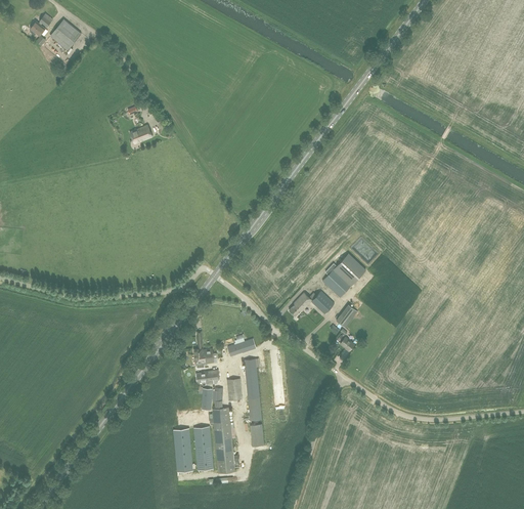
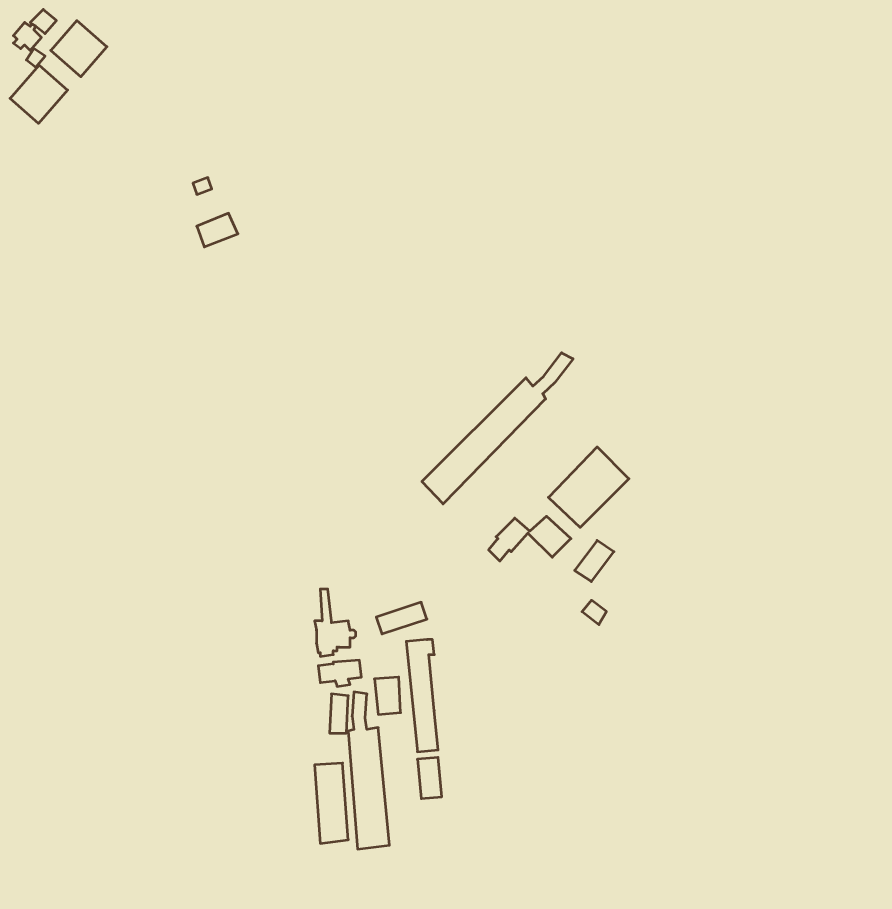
building: none -> [10,65,68,123]
building: none -> [422,353,573,504]
building: [173,428,191,471] -> none

